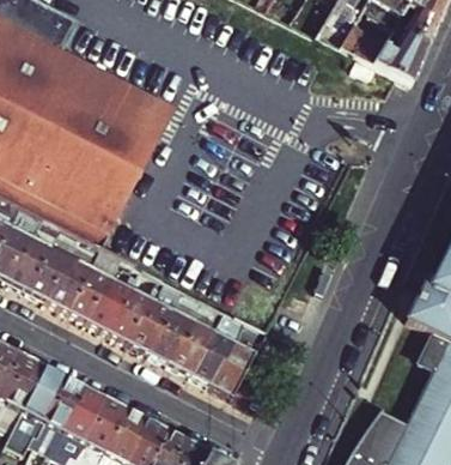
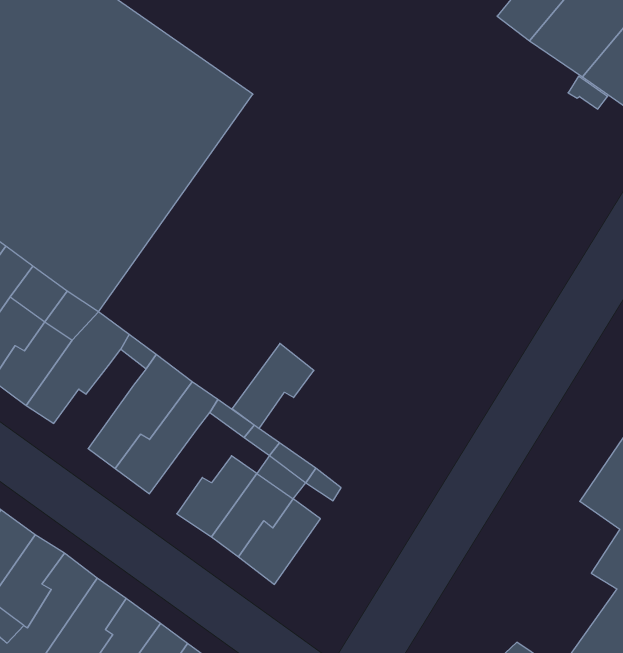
building: [85,279,129,331] -> none
building: [148,309,194,362] -> [232,343,314,429]

